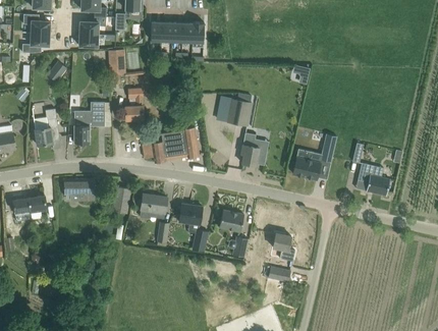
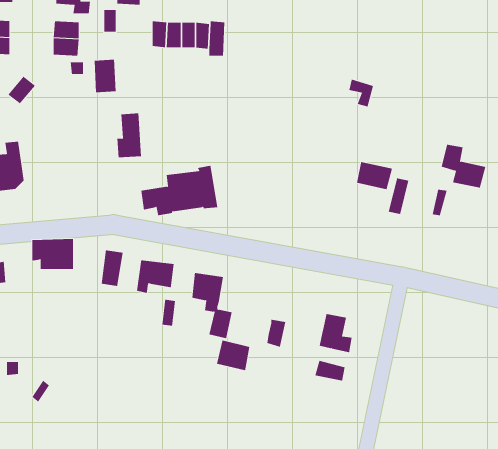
building: [227,98,252,126] -> none
building: [74,102,105,143] -> none
building: [240,132,267,165] -> none
building: [293,158,320,178] -> [356,162,393,190]
building: [358,163,390,195] -> [441,144,486,188]
building: [219,209,243,231] -> [216,340,250,371]

